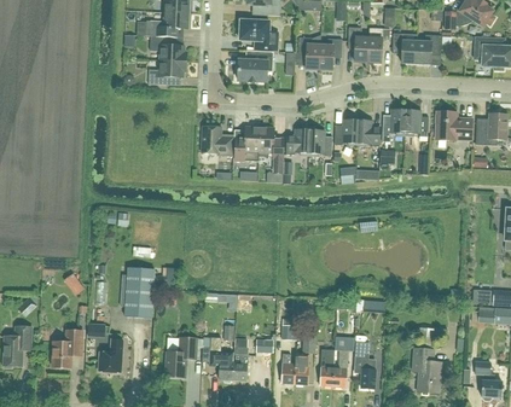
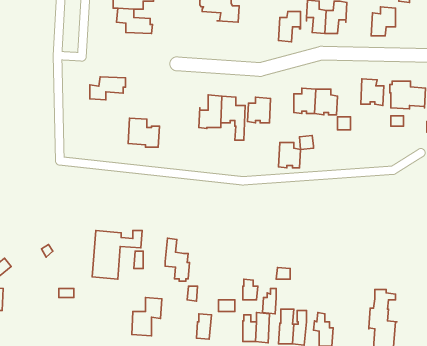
building: [393,33,417,64] -> none
building: [298,35,320,69] -> none
building: [238,51,273,81] -> none
building: [149,60,186,85] -> [90,77,126,100]
building: [382,109,406,141] -> none
building: [202,126,234,156] -> [128,118,159,147]
building: [309,129,332,156] -> [279,142,301,168]
building: [52,330,82,367] -> none
building: [209,337,234,382] -> [165,238,189,281]
building: [99,338,123,372] -> none

